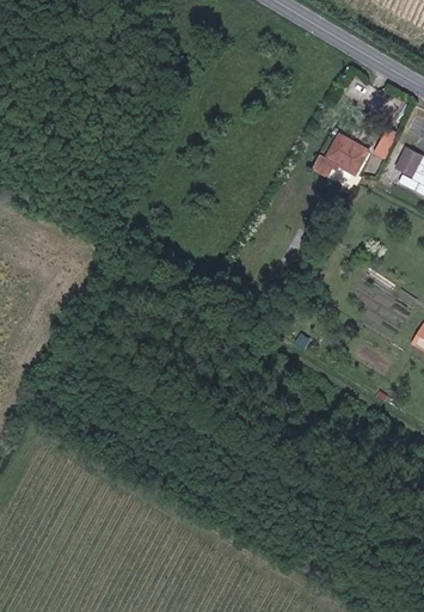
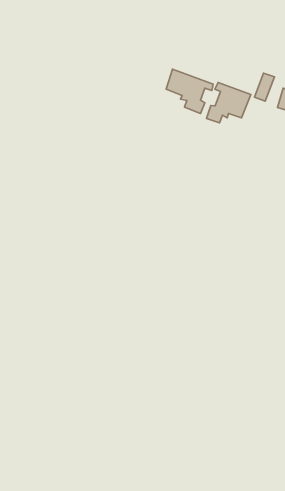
building: none -> [166,69,213,114]

